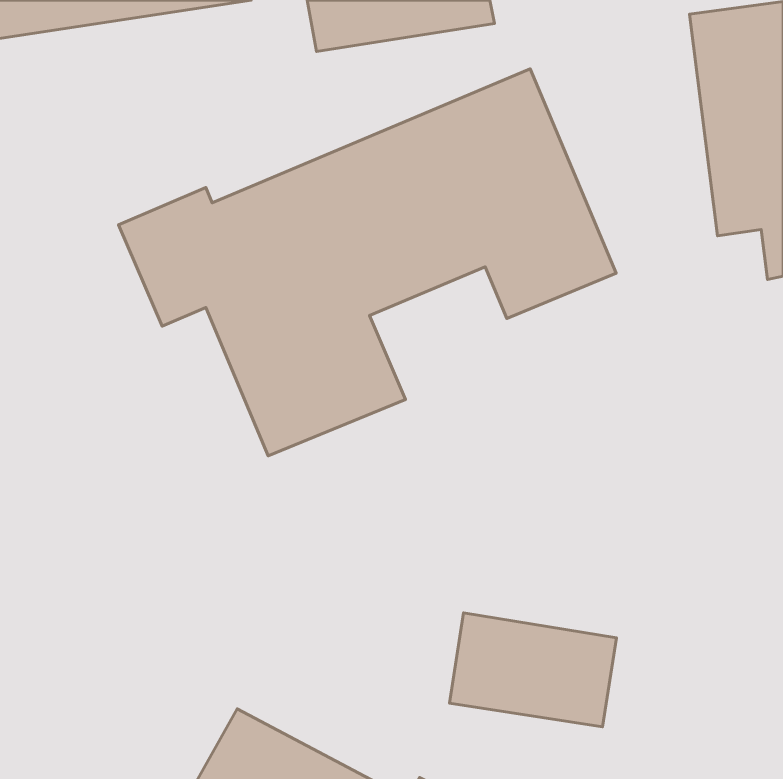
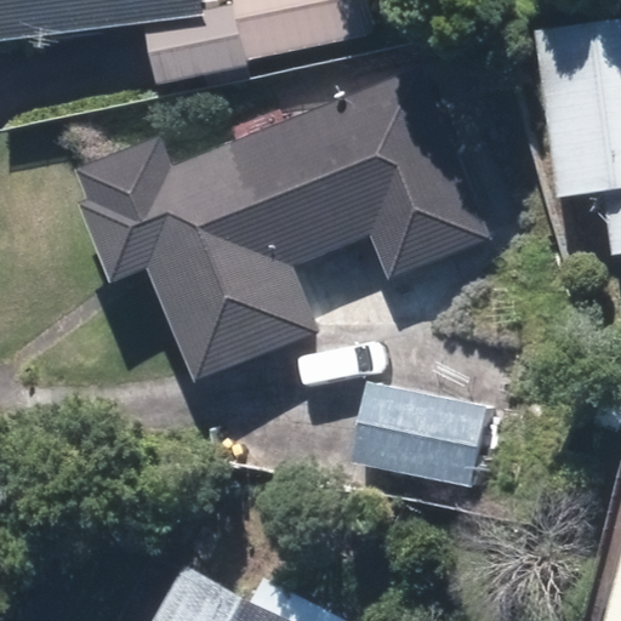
building: [450,613,616,727] -> [351,388,480,477]

